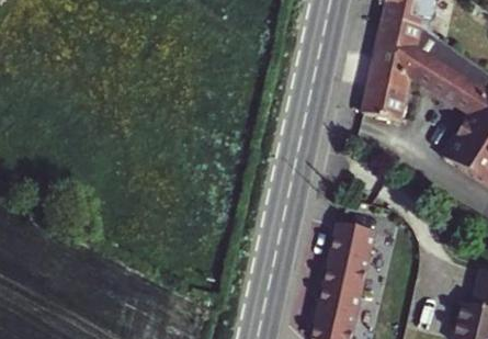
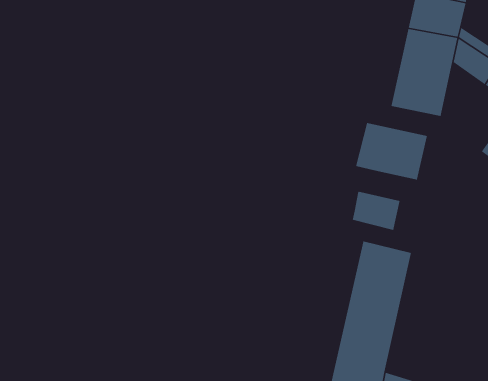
building: none -> [355,122,428,180]
building: none -> [352,191,400,231]

